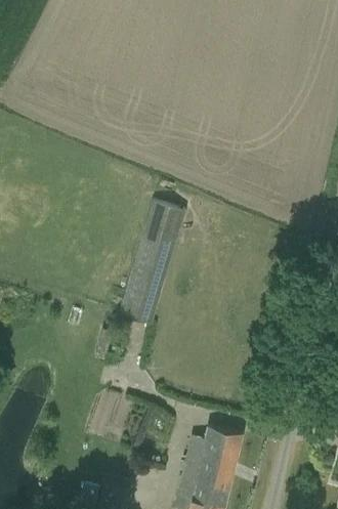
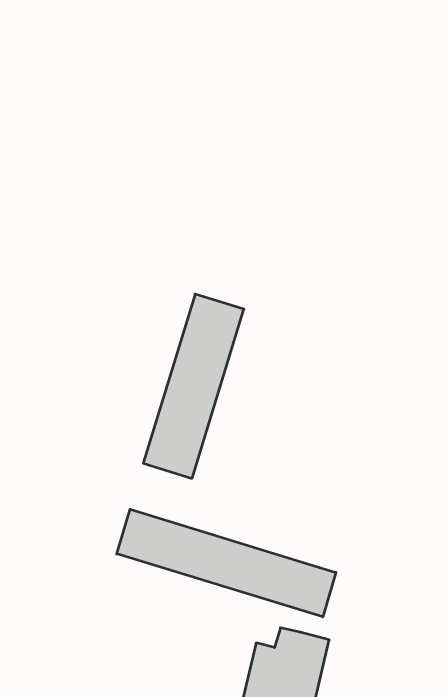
building: none -> [117,509,336,617]

